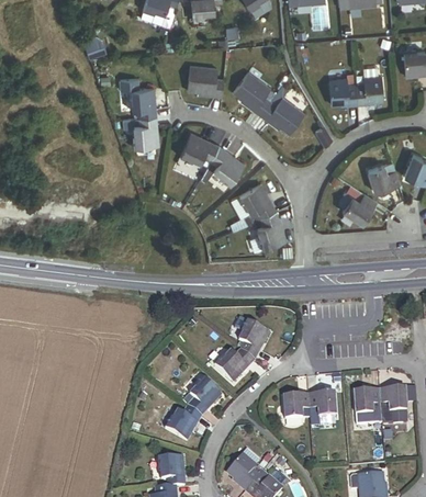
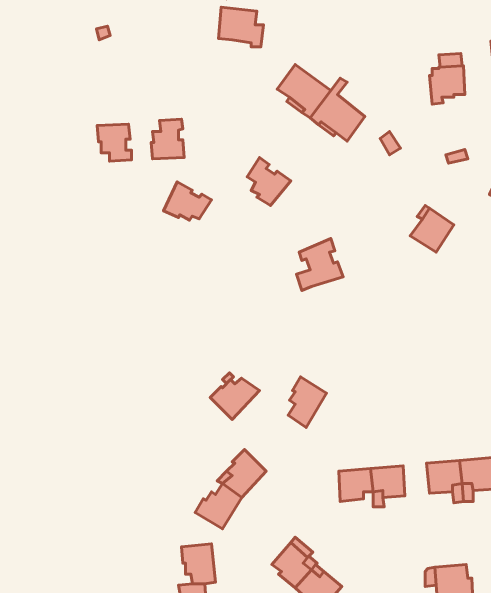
building: [188,63,224,94] -> [218,7,264,47]
building: [328,75,357,103] -> none
building: [128,87,156,116] -> [97,124,131,161]
building: [180,132,218,162] -> [164,182,211,220]
building: [369,163,400,191] -> none
building: [237,183,276,224] -> none
building: [216,352,256,385] -> [210,378,259,419]

